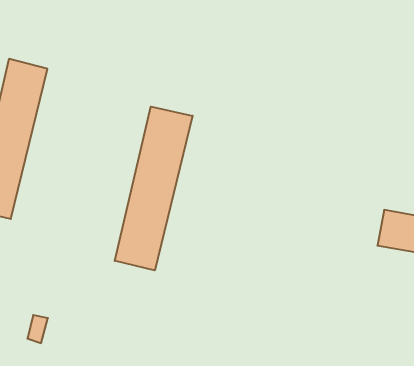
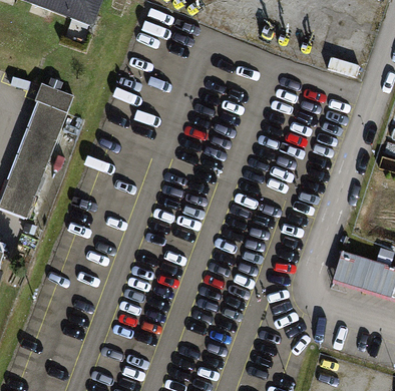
building: [115,107,193,270] -> none

